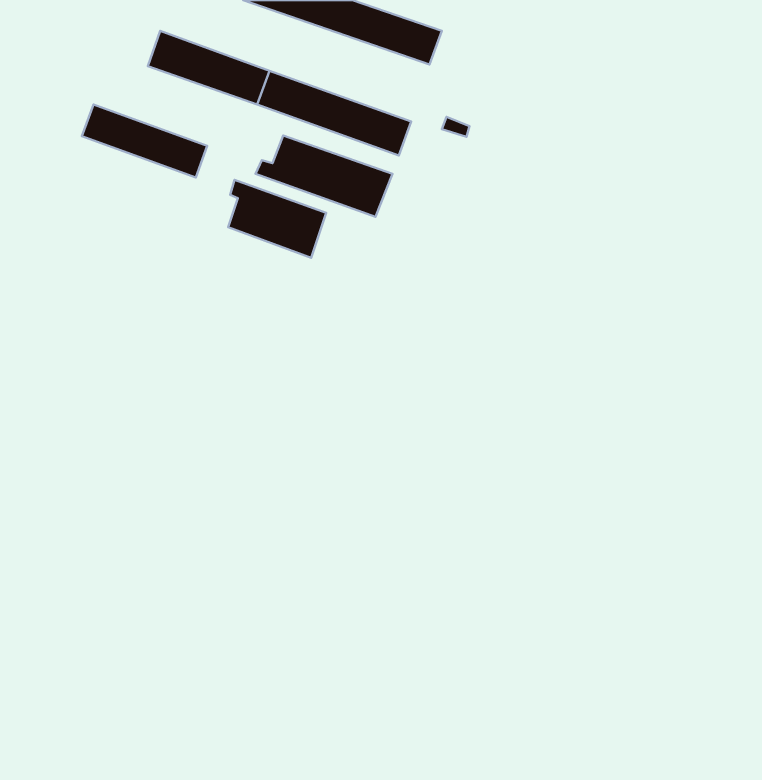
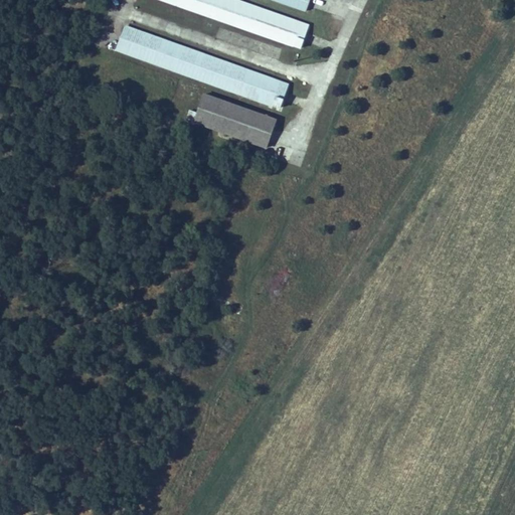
building: [82,104,207,177] -> none
building: [228,180,326,258] -> none

